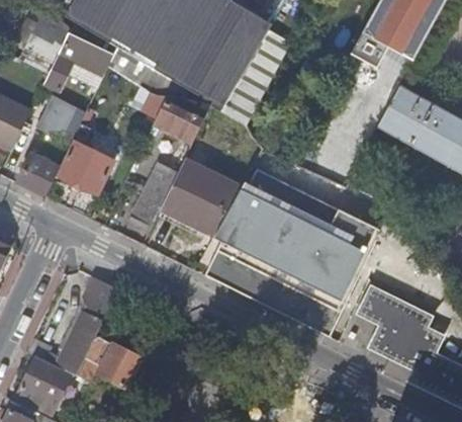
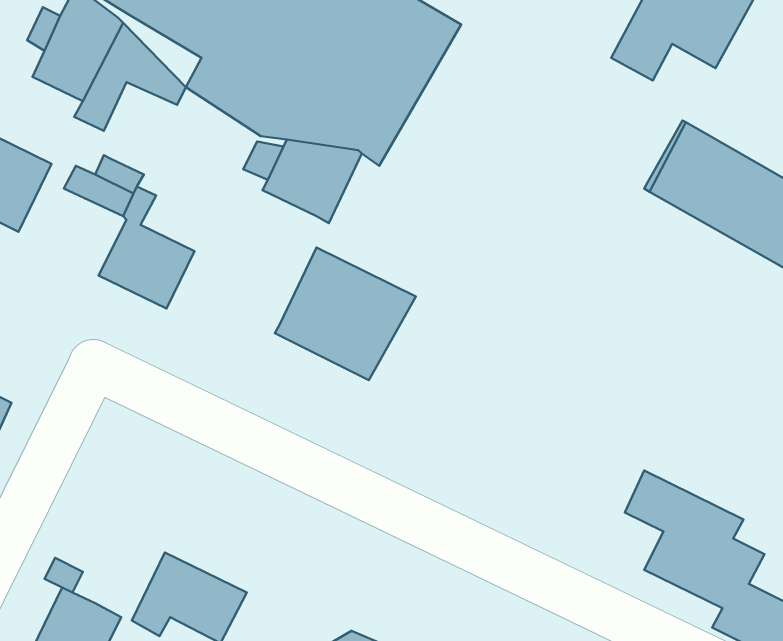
building: [130,140,191,226] -> none
building: [16,154,59,196] -> none
building: [213,174,374,323] -> none
building: [56,276,118,374] -> none

